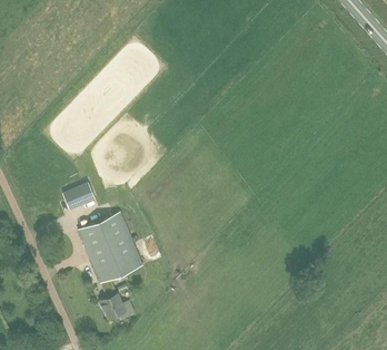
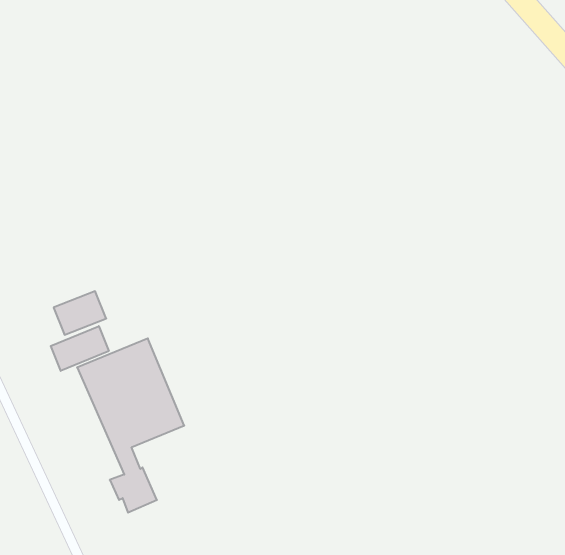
building: none -> [51,326,109,371]

